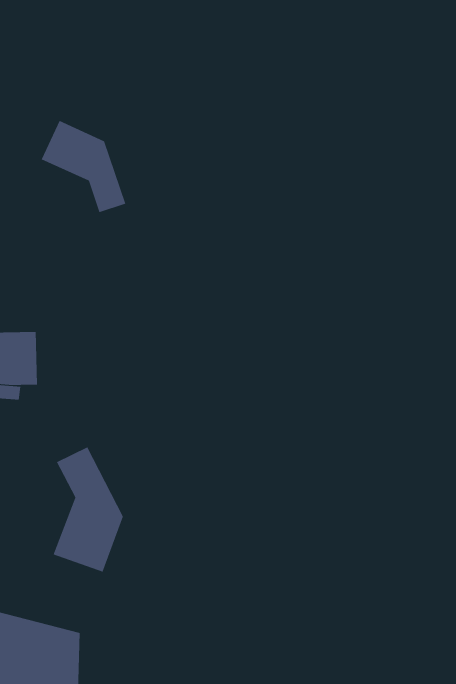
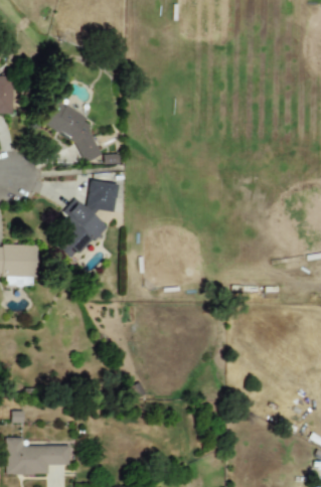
building: none -> [56,178,116,260]
building: [53,446,124,573] -> none

